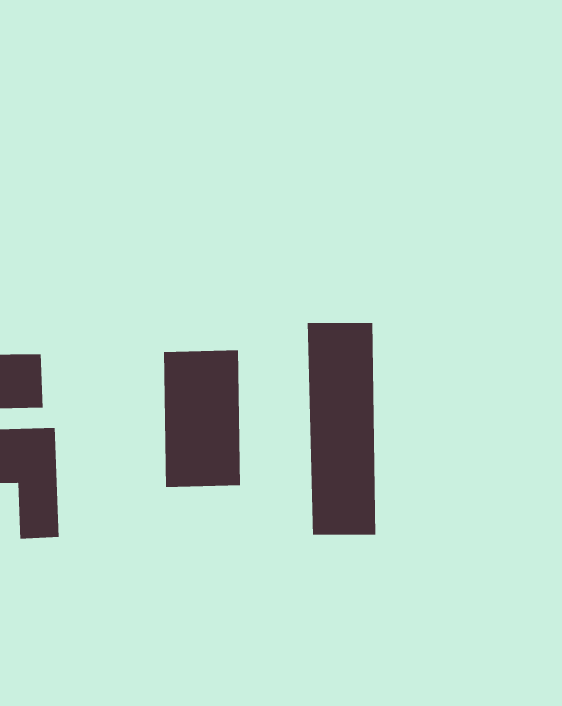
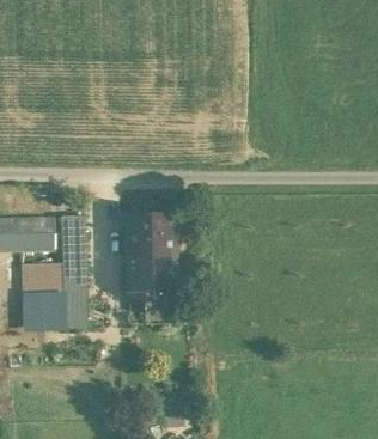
building: [307,322,376,535] -> none
building: none -> [62,217,90,328]

